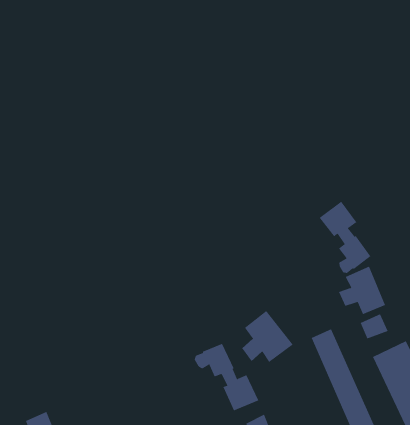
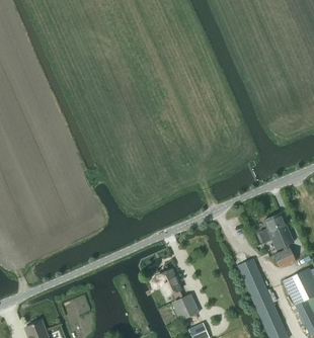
building: [319,201,371,274] -> none
building: [242,310,293,363] -> none

